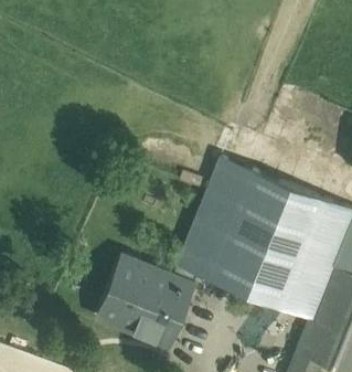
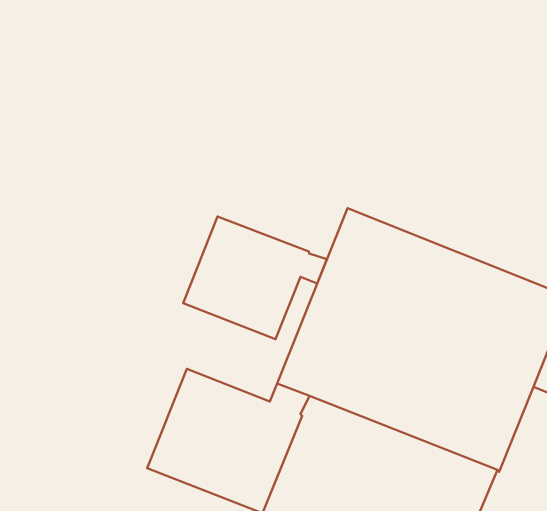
building: none -> [183,216,327,339]

